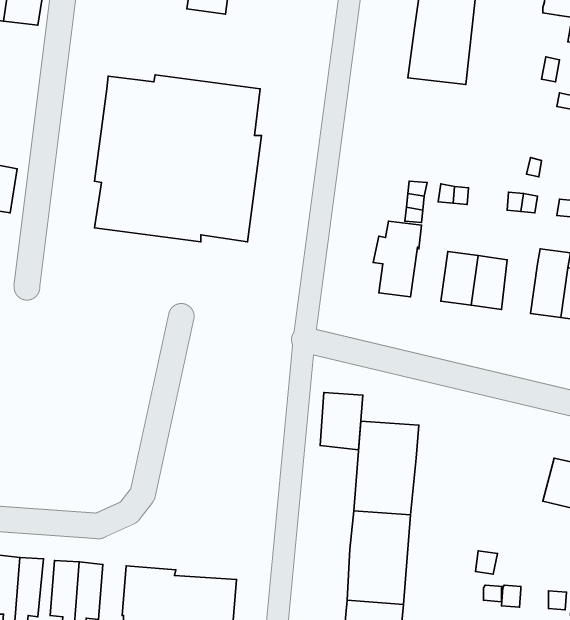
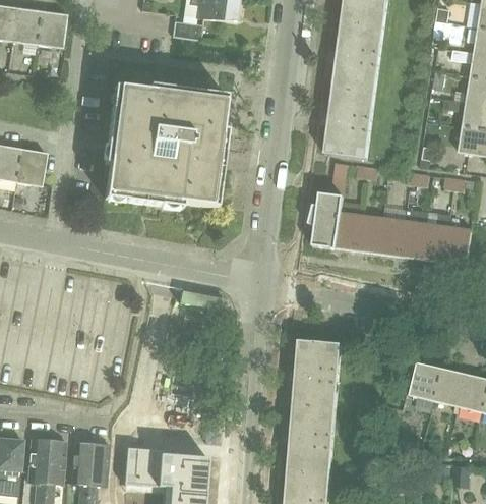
building: none -> [324,86,375,158]
building: none -> [402,209,430,260]
building: none -> [335,211,362,250]
building: [320,393,363,450] -> none
building: none -> [409,360,440,398]

